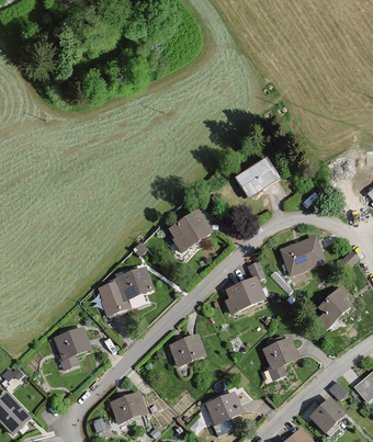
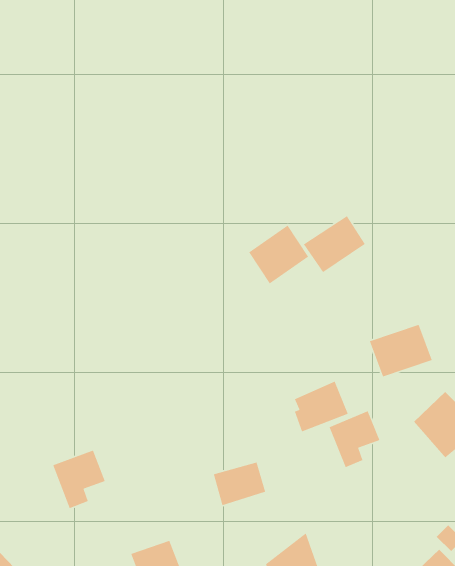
building: [166,212,210,254] -> [248,225,309,284]
building: [95,267,155,316] -> none
building: [261,337,298,378] -> [328,410,380,468]

